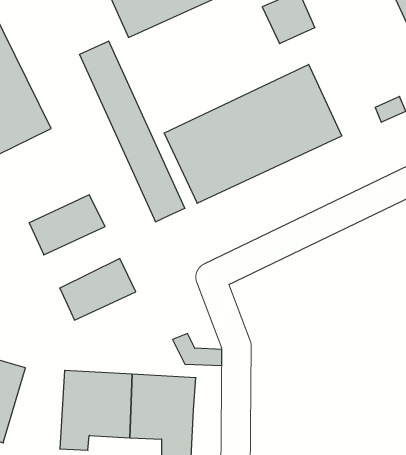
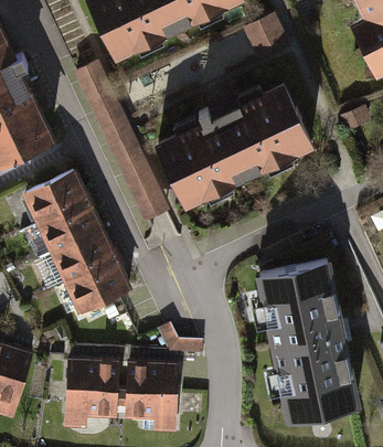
building: none -> [19,170,87,225]
building: none -> [46,228,115,284]
building: none -> [257,266,352,425]

